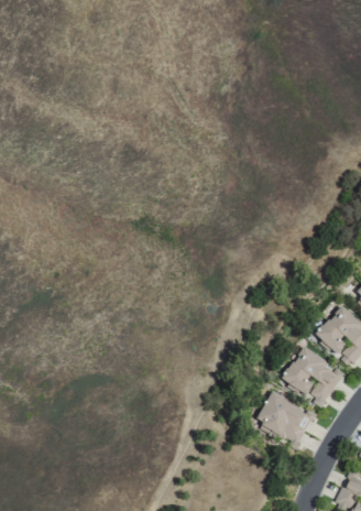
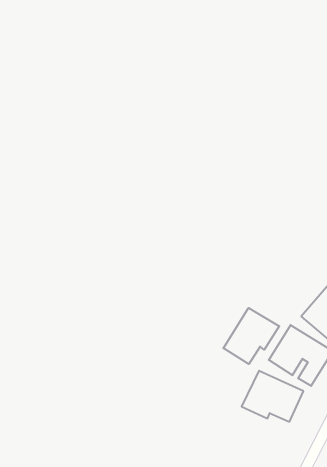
building: none -> [223,308,279,364]

